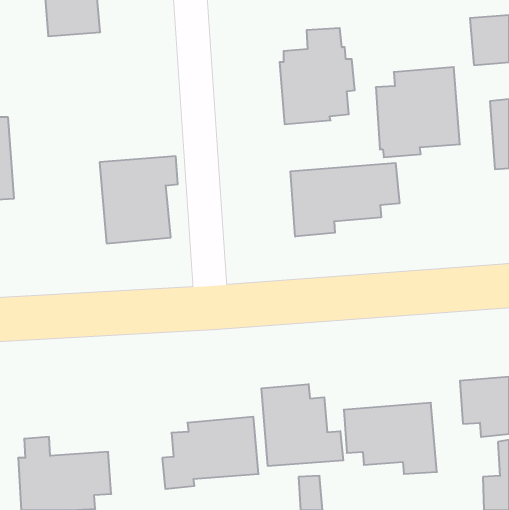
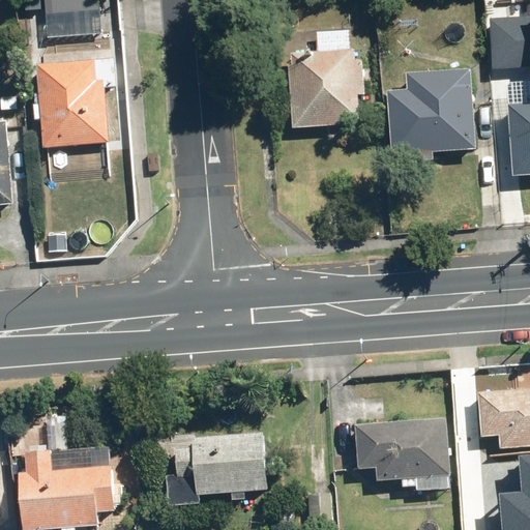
building: [100,156,178,243] -> [38,58,119,148]
building: [291,163,399,237] -> none
building: [262,384,343,466] -> none

